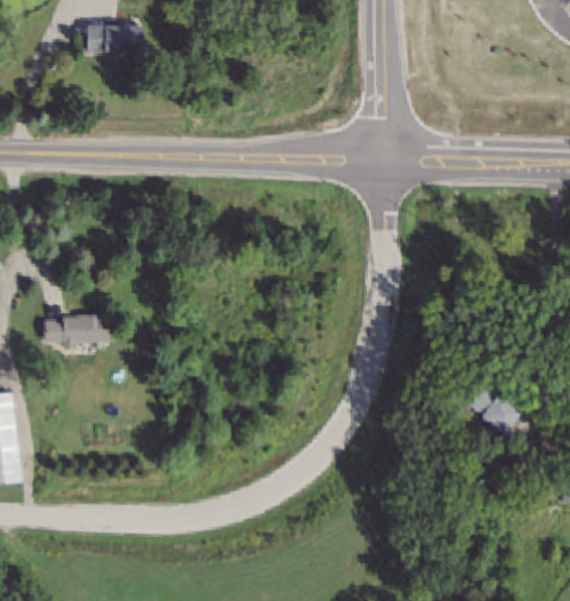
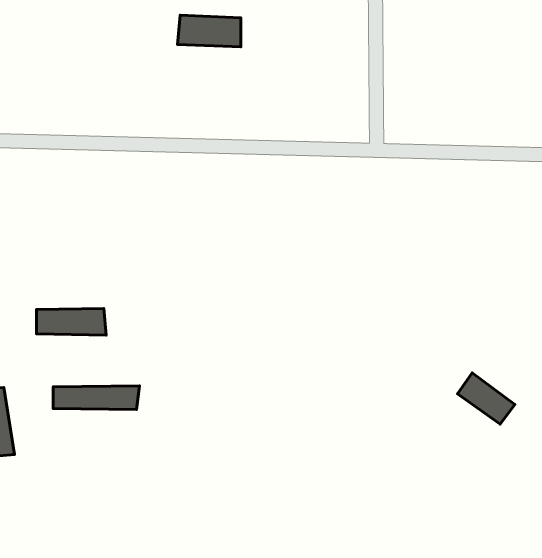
building: [83,24,145,55] -> [178,15,241,47]
building: none -> [53,386,140,410]

